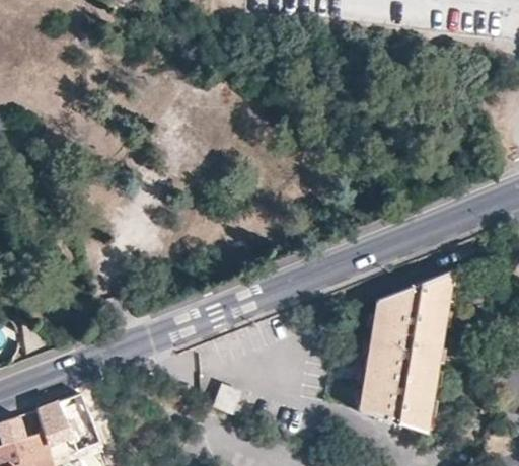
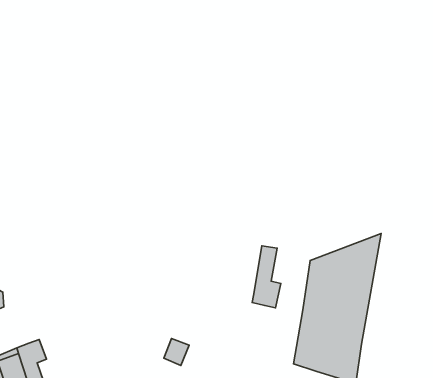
building: none -> [252,246,281,308]

